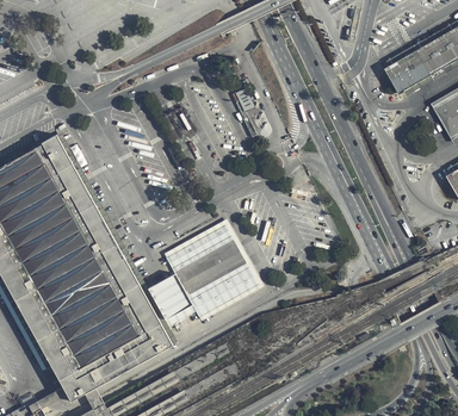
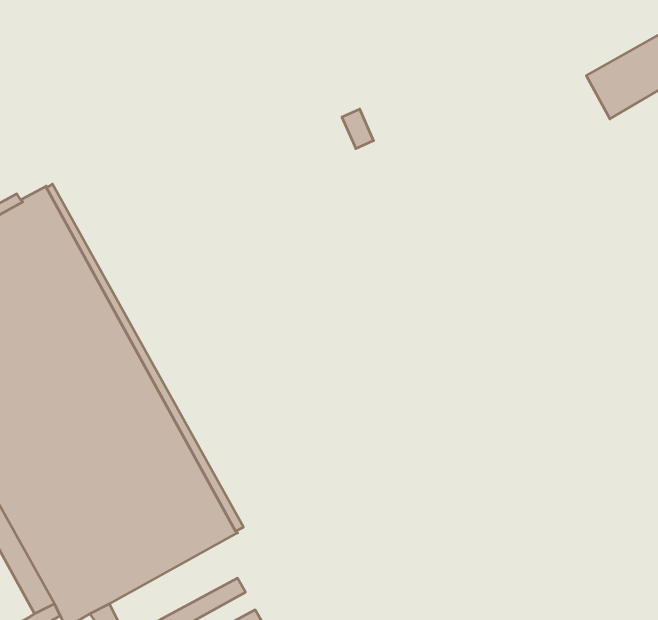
building: [150,218,264,327] -> none

